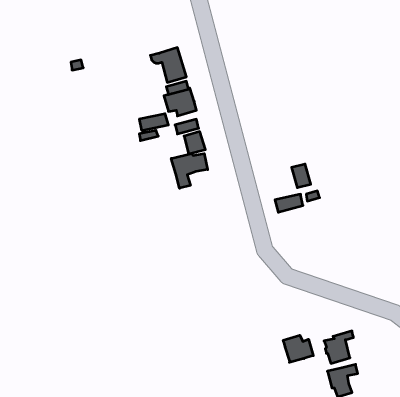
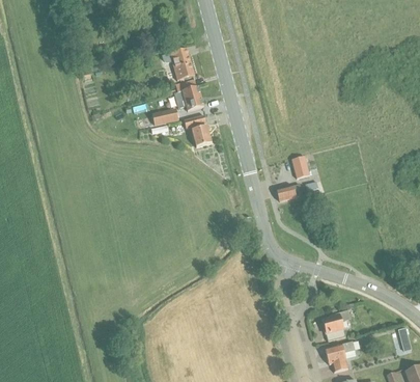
building: [171,153,208,188] -> none
building: [283,335,313,362] -> none

